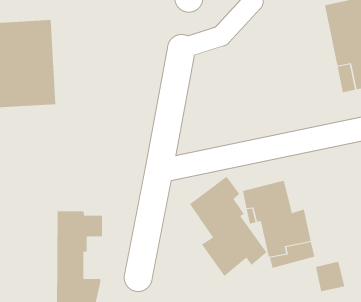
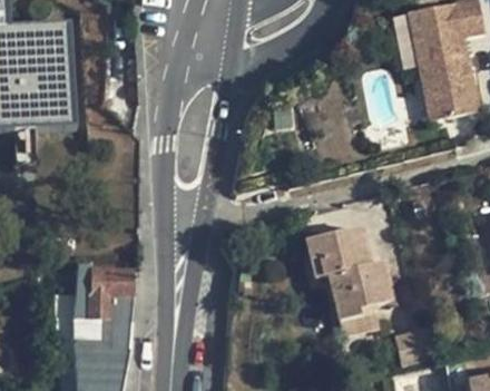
building: [189,176,267,277] -> none
building: none -> [110,295,134,346]

